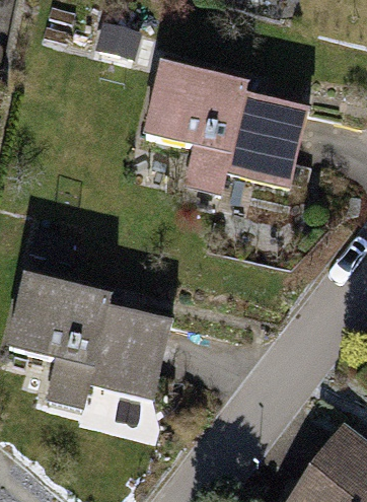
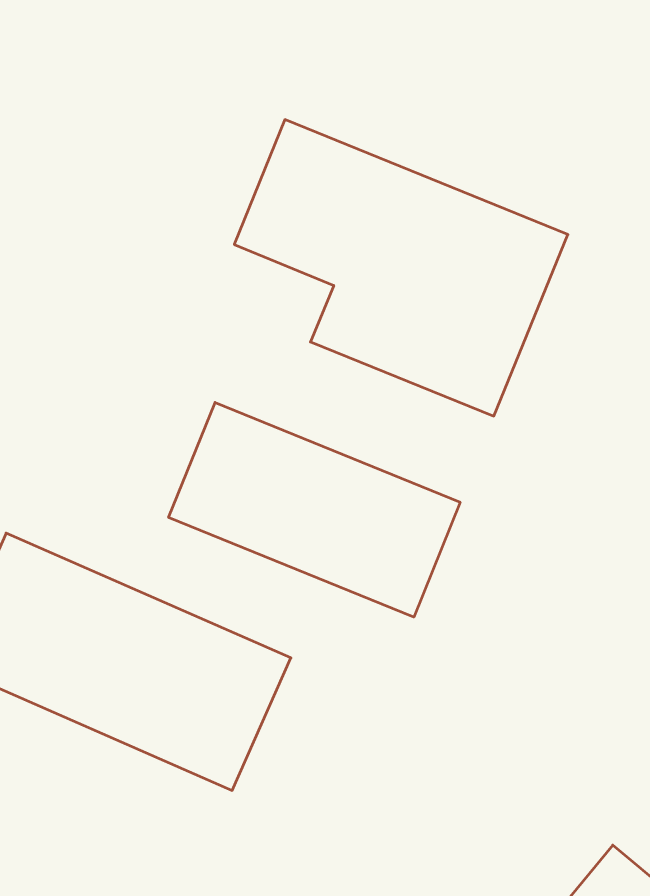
building: none -> [169,402,460,617]

